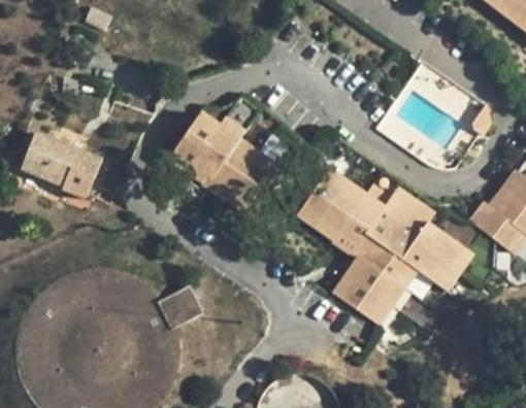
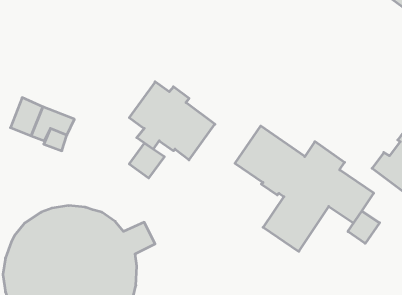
building: none -> [129,143,164,178]
building: none -> [348,211,380,243]

